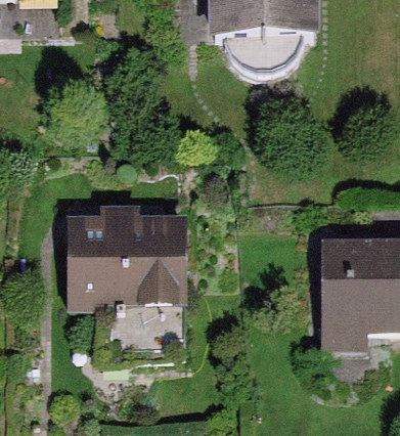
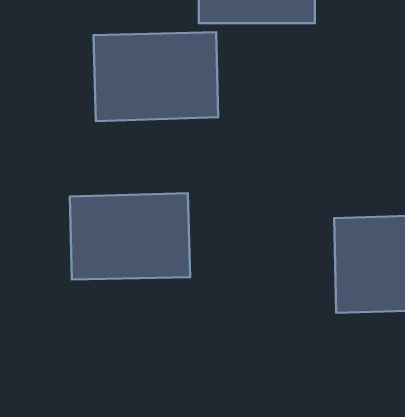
building: none -> [94,32,218,121]

